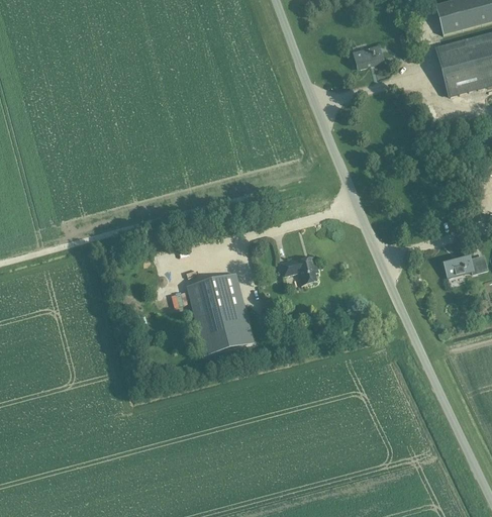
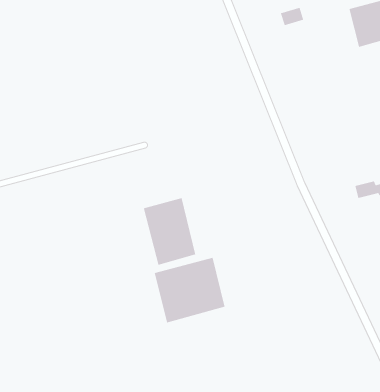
building: [281,256,318,285] -> none
building: none -> [154,257,226,324]

